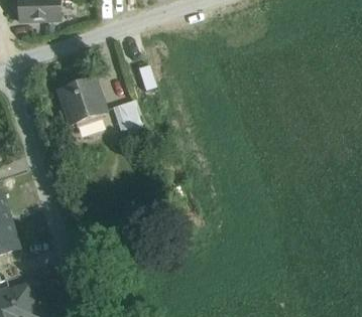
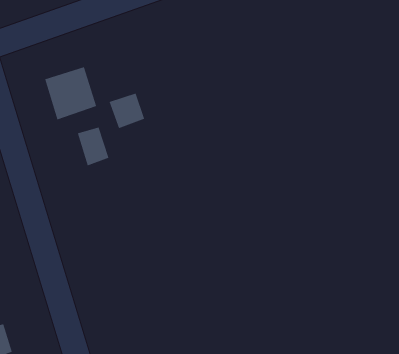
building: none -> [77,126,110,167]

